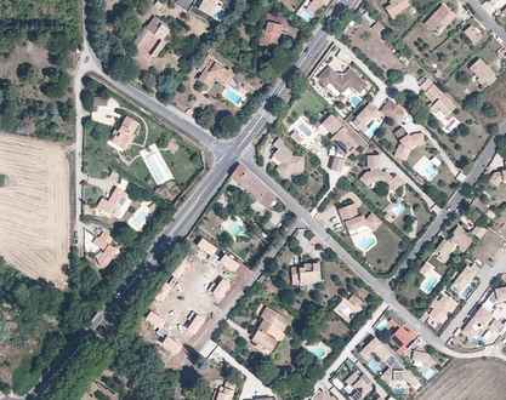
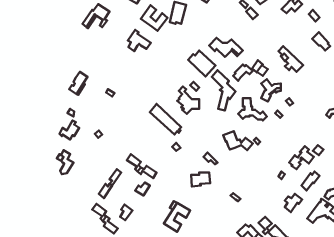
building: none -> [141,5,168,31]
building: none -> [188,50,215,77]

